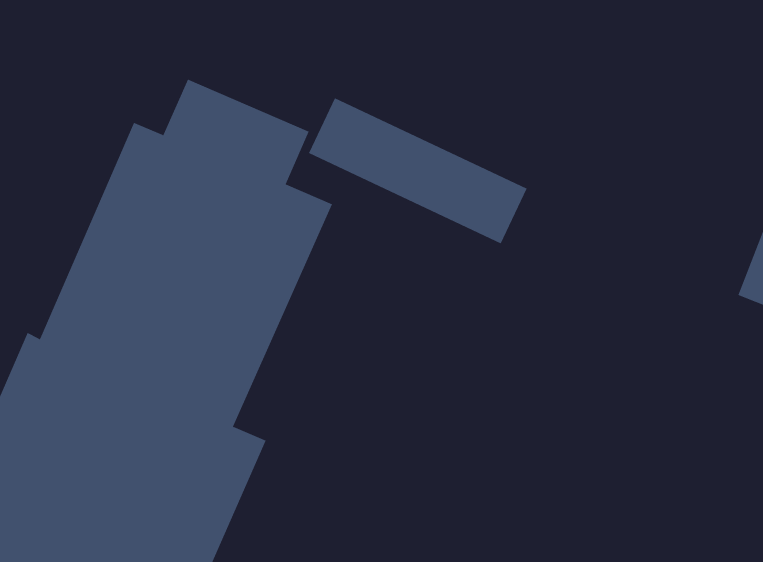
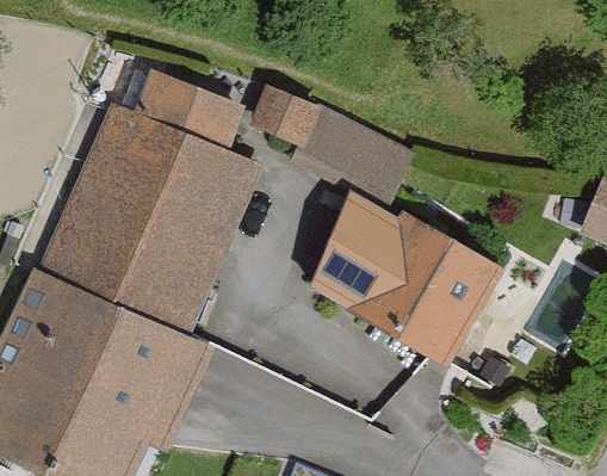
building: none -> [302,196,502,369]

